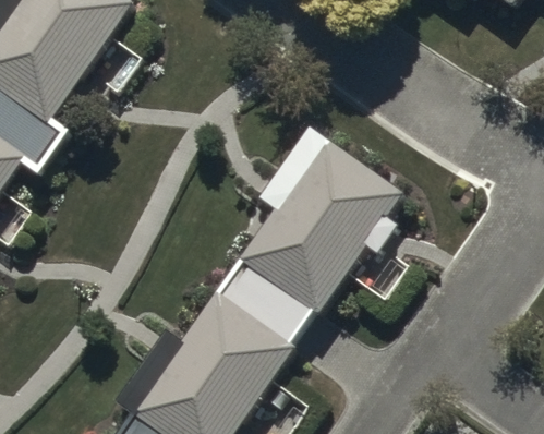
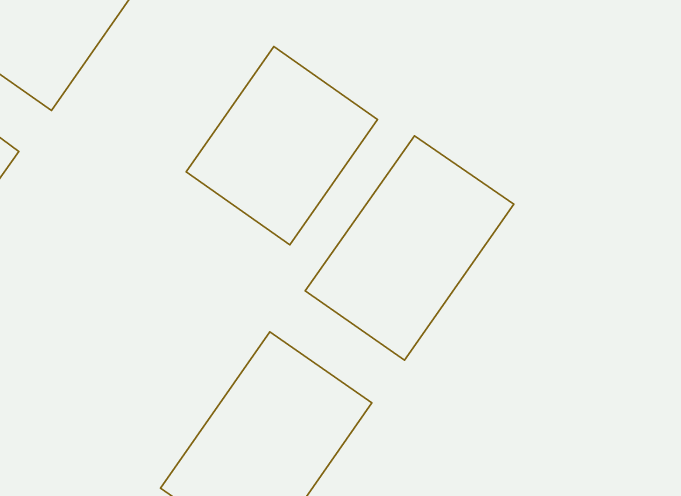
building: none -> [186,47,377,245]

